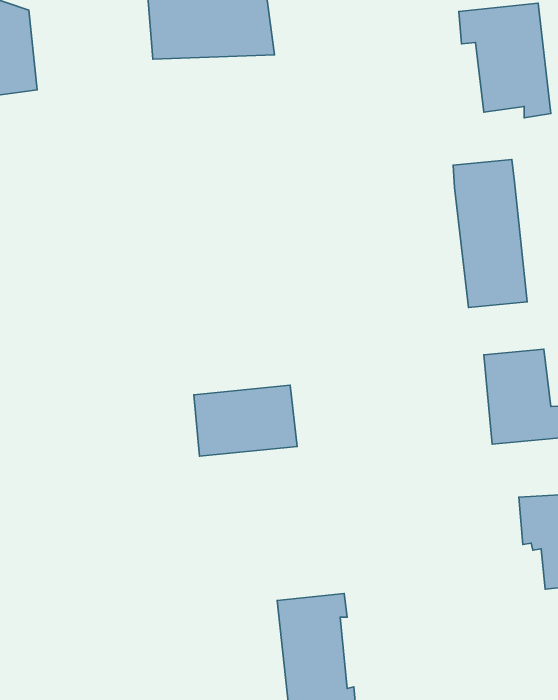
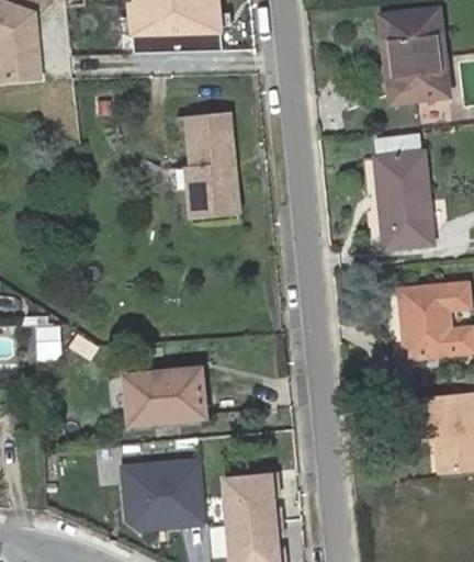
building: none -> [179,117,238,222]
building: [194,385,297,456] -> [138,369,219,425]
building: none -> [120,458,205,535]

